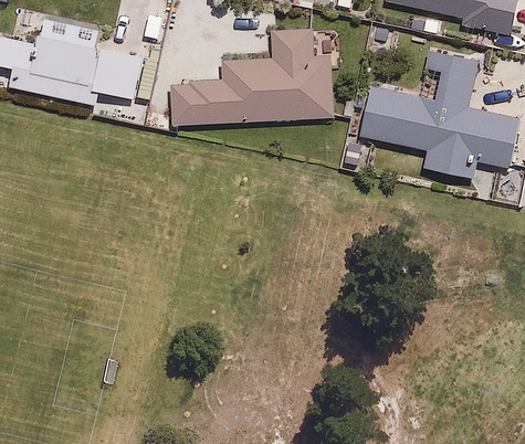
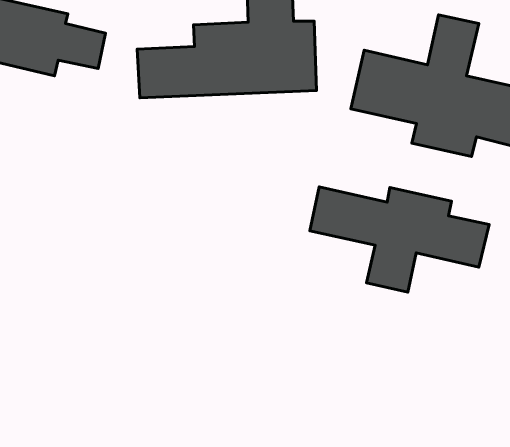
building: none -> [310,187,489,292]

